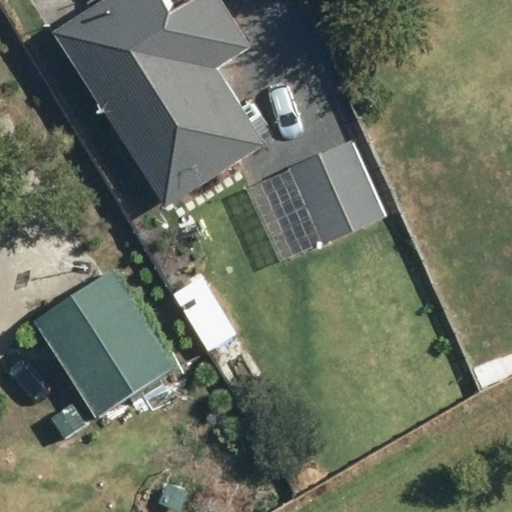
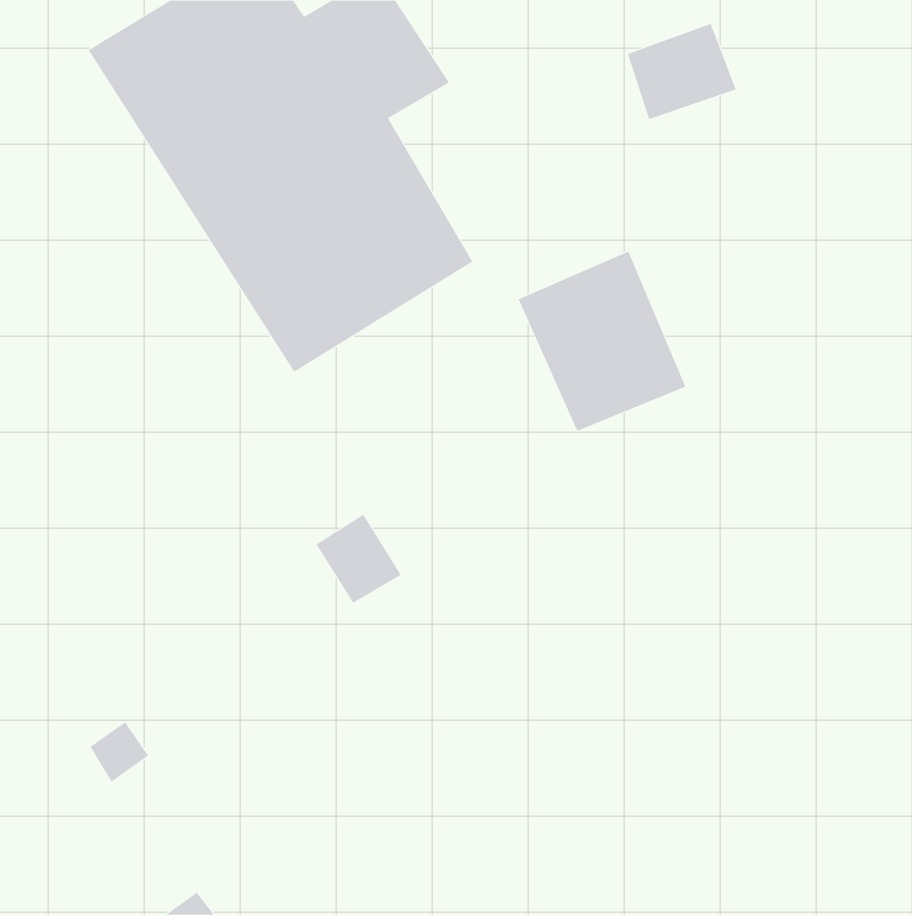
building: [33,269,173,415] -> none

